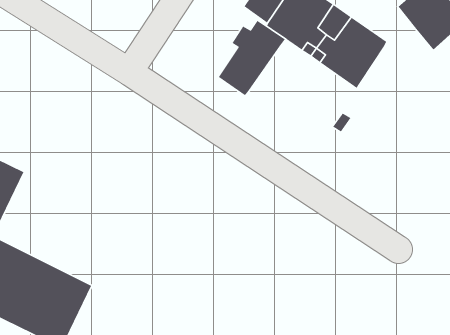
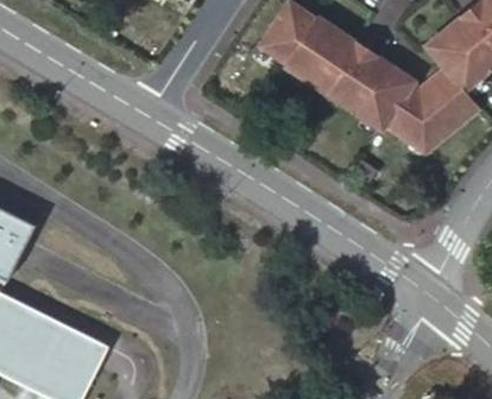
building: [218,20,286,96] -> none
building: none -> [389,71,478,156]

